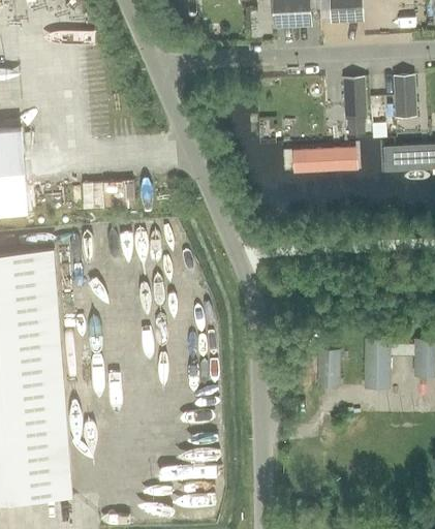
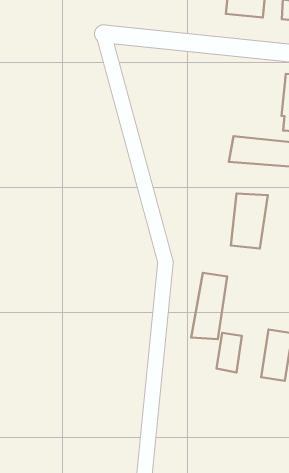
building: none -> [231,194,268,249]
building: none -> [191,273,227,339]

